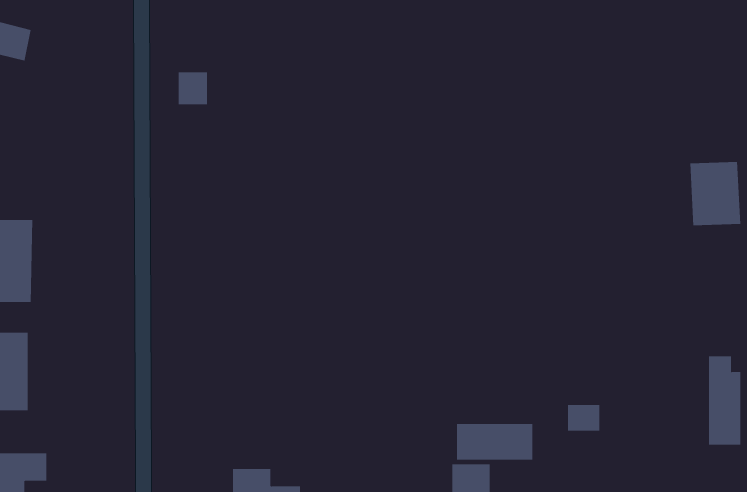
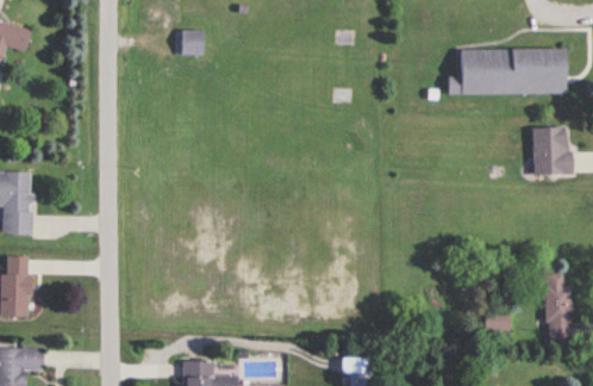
building: none -> [458,49,563,95]
building: [178,72,208,105] -> [181,30,204,55]
building: [567,405,600,431] -> [485,311,510,331]
building: [457,423,533,461] -> none

